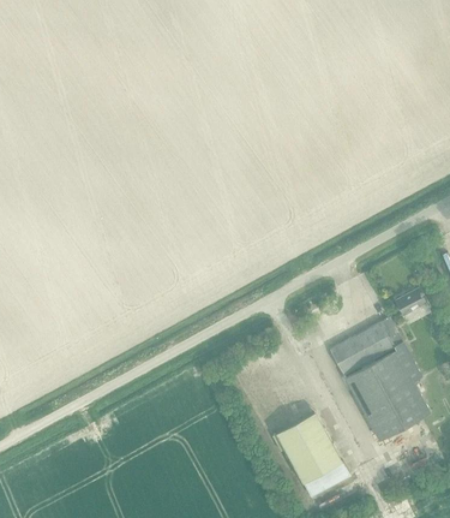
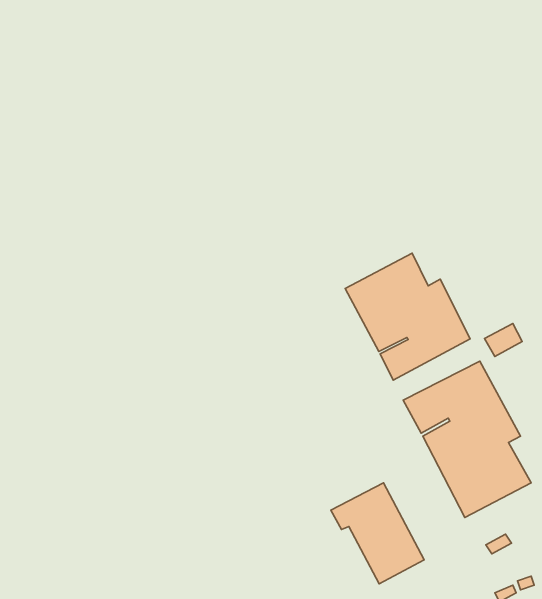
building: none -> [345,253,470,380]

